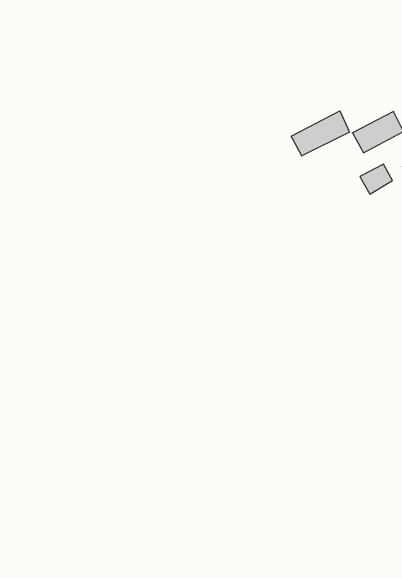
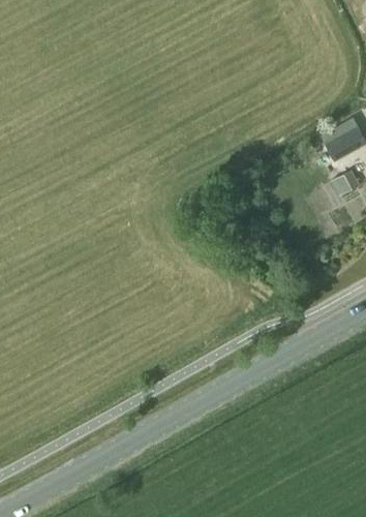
building: [291,111,350,156] -> none

